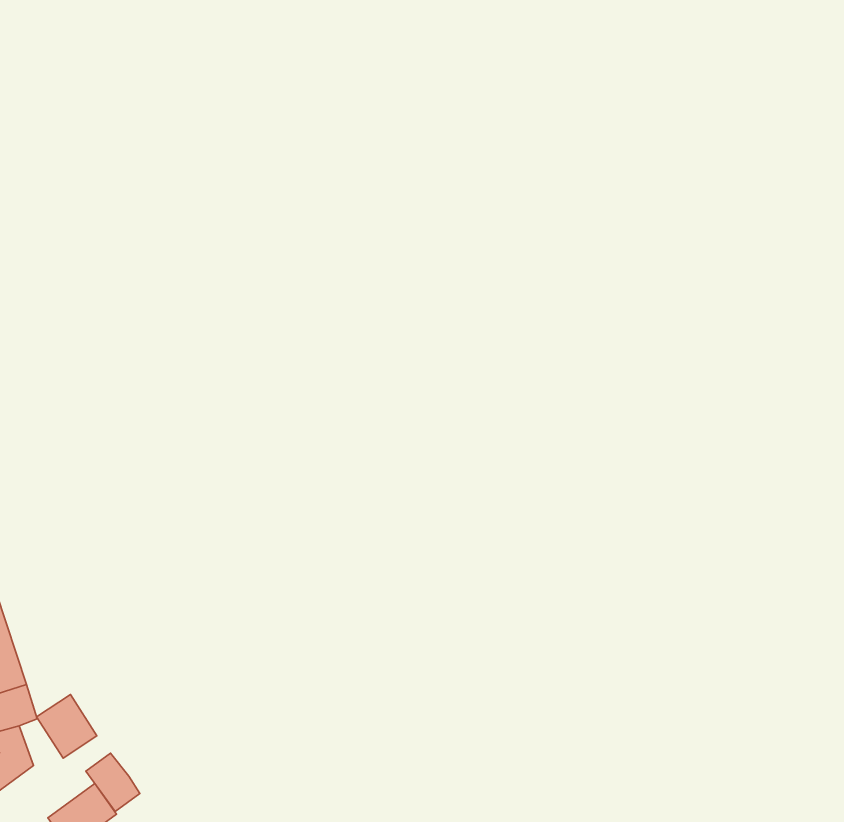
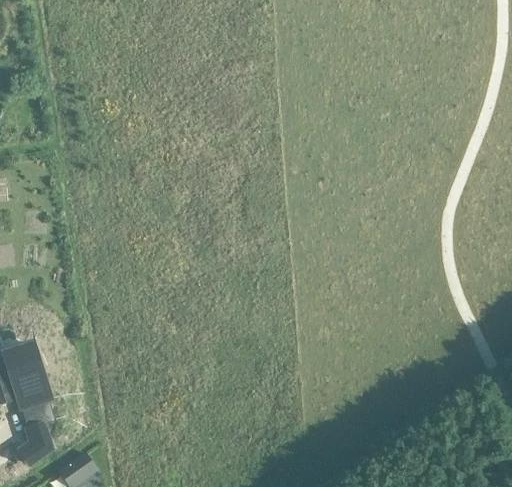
building: [37,694,97,758] -> none
building: [86,753,140,812] -> none

